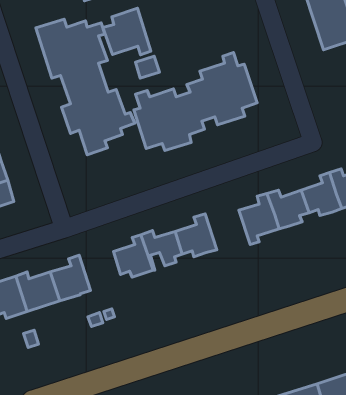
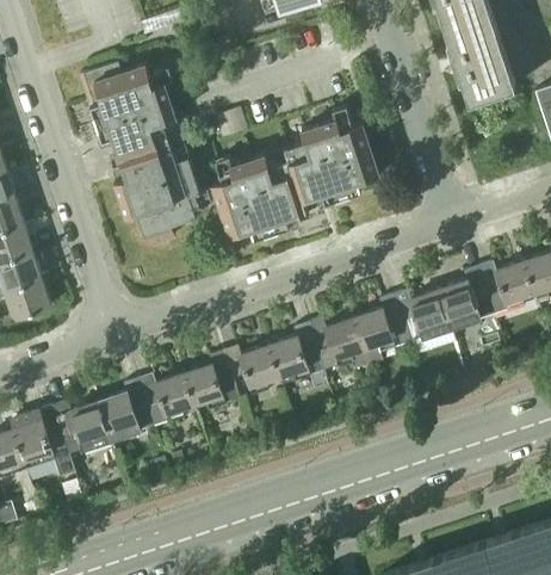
building: [103,8,151,55] -> none
building: none -> [308,317,369,371]
building: none -> [137,373,196,426]

